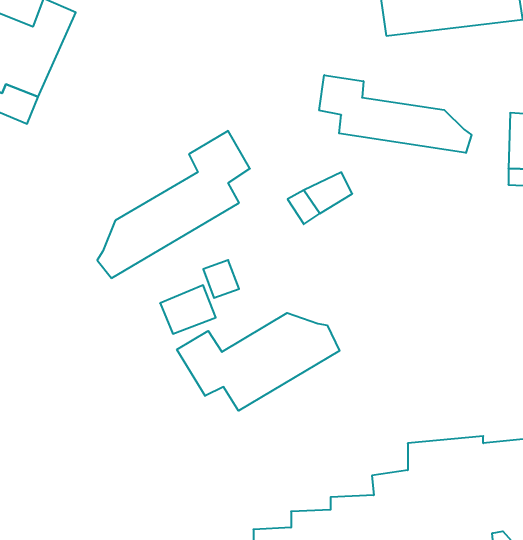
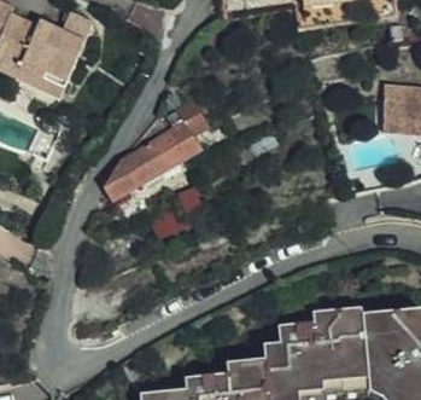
building: [319,75,472,153] -> none
building: [177,313,339,411] -> none

